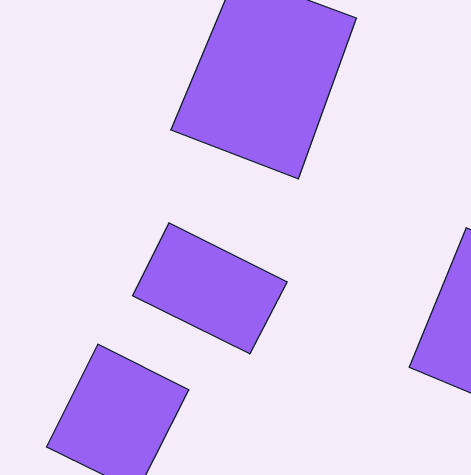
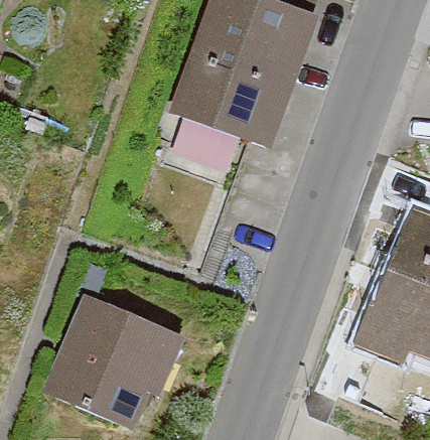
building: [133,223,287,354] -> none

